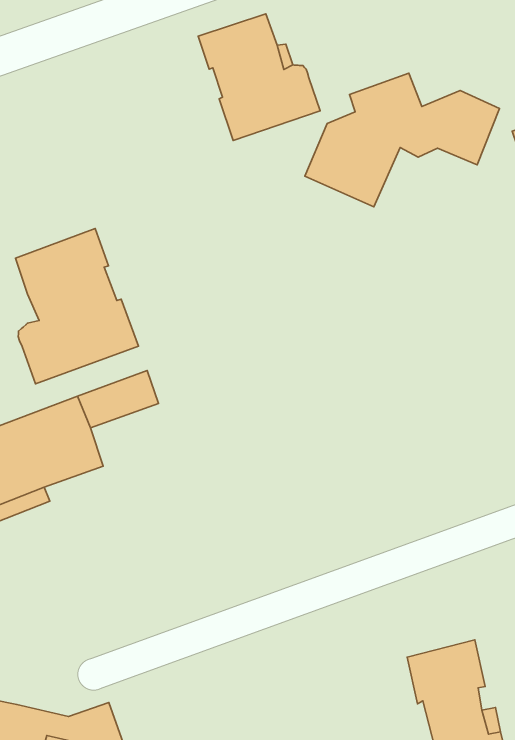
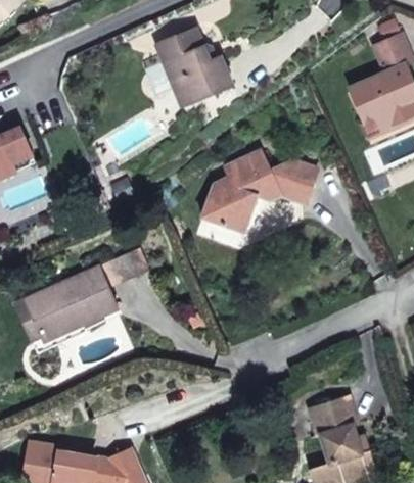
building: [305,73,500,207] -> [200,150,315,232]
building: [15,228,138,384] -> none

